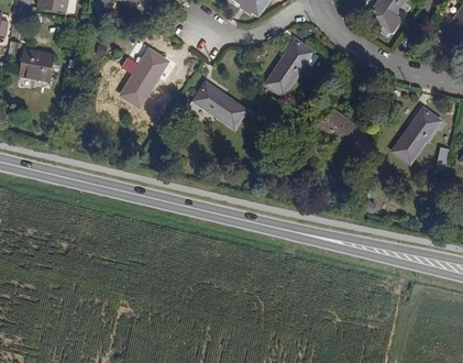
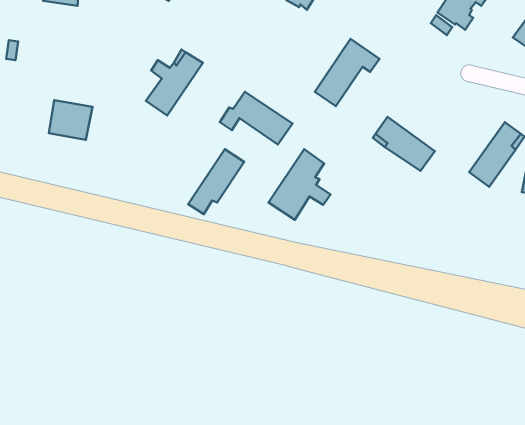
building: [18,47,54,80] -> [49,100,92,140]
building: none -> [188,149,244,214]
building: none -> [269,149,331,220]

